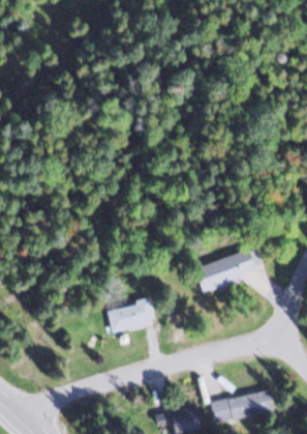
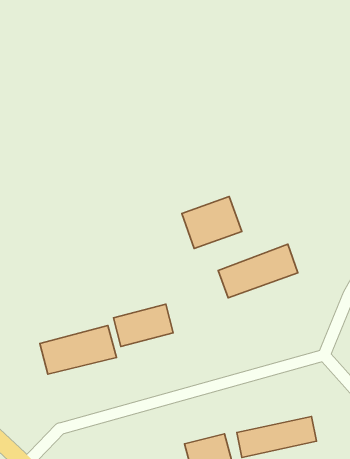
building: none -> [182,196,242,248]
building: none -> [40,326,116,374]

